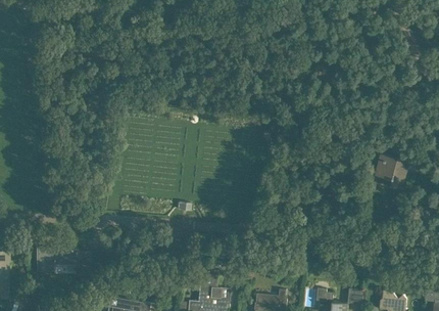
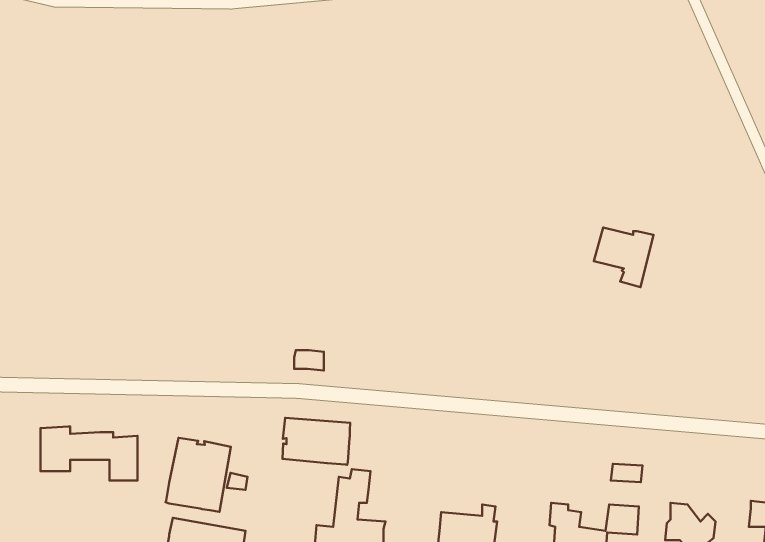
building: [377,154,409,187] -> [594,228,654,287]
building: none -> [283,418,350,465]
building: none -> [166,438,231,512]

